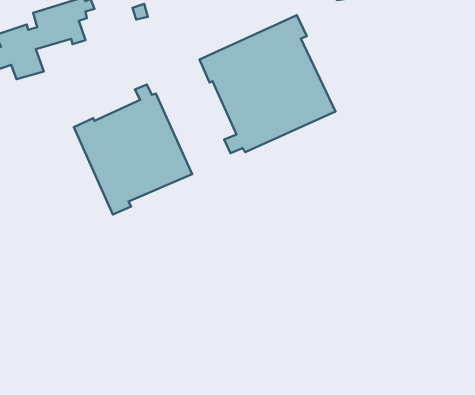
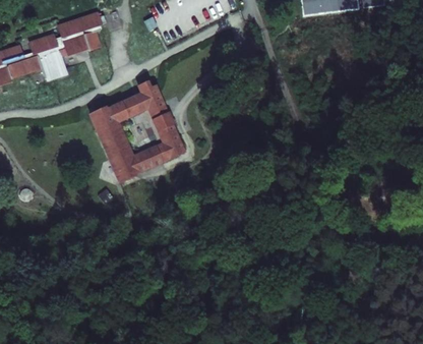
building: [199,15,335,153] -> none

